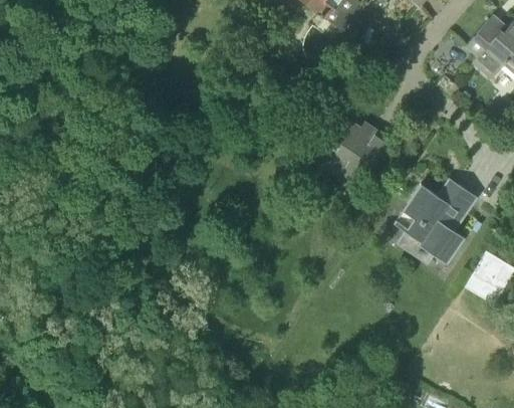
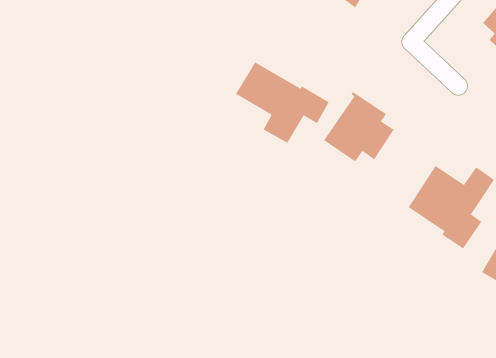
building: none -> [235,62,329,144]

